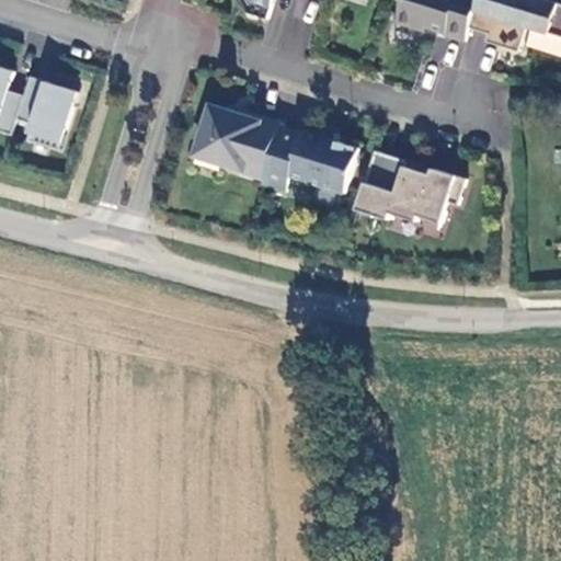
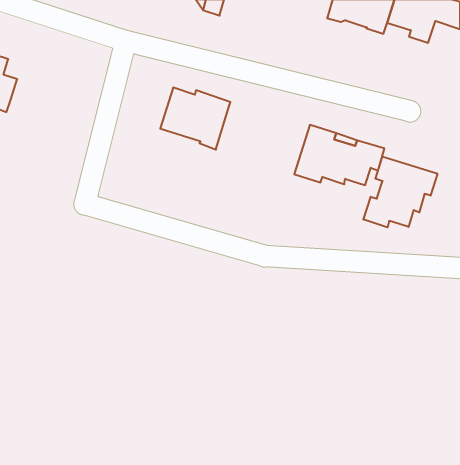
building: [13,76,75,150] -> none
building: [259,126,356,193] -> none
building: none -> [363,157,437,227]

